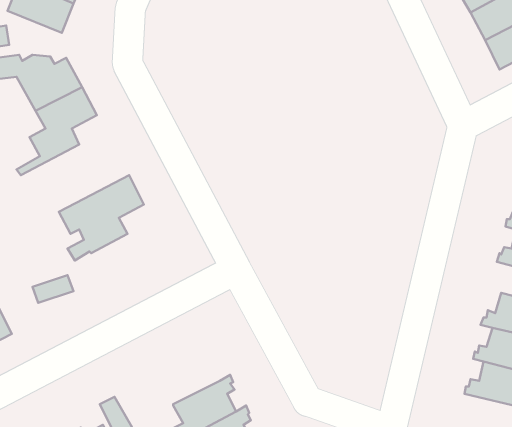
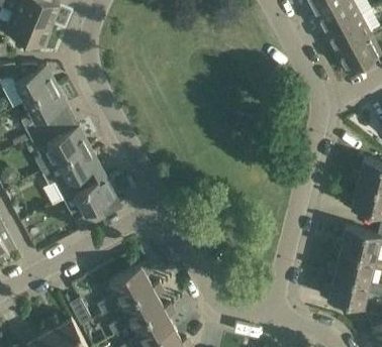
building: none -> [15,125,90,162]
building: none -> [64,178,117,231]
building: none -> [98,262,153,314]

